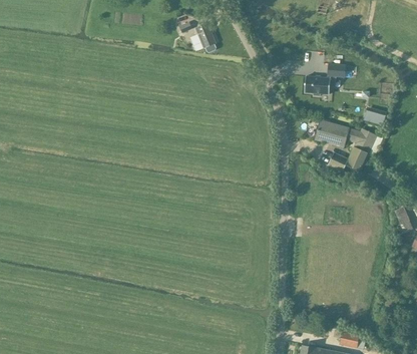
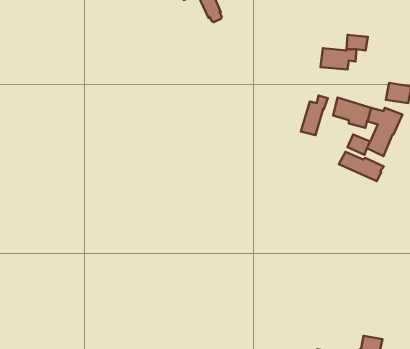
building: none -> [301,95,328,135]
building: none -> [339,152,384,181]

